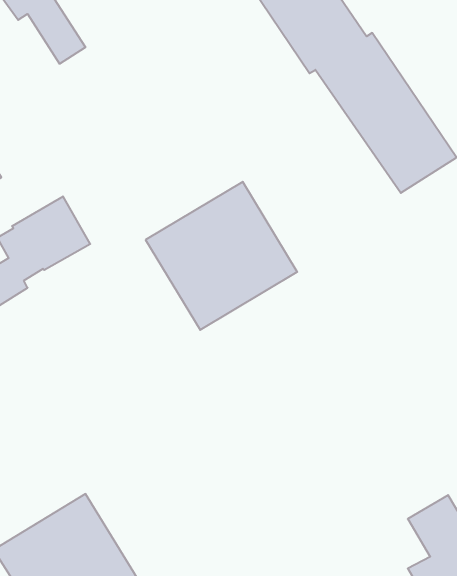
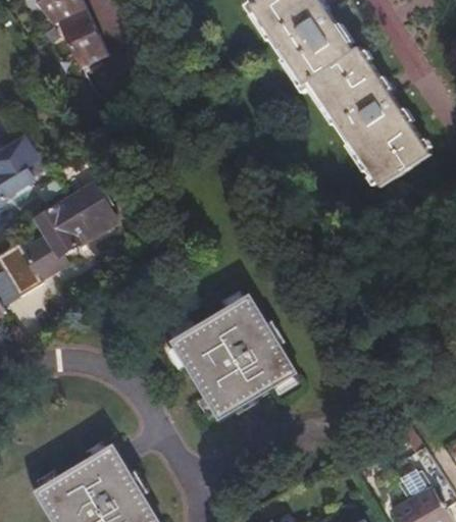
building: [146,182,297,330] -> [168,293,299,420]

